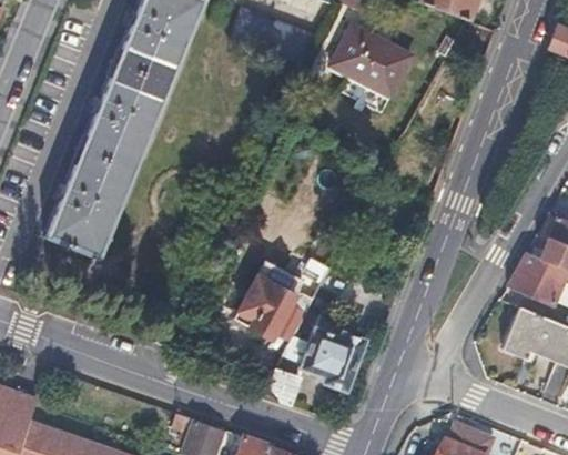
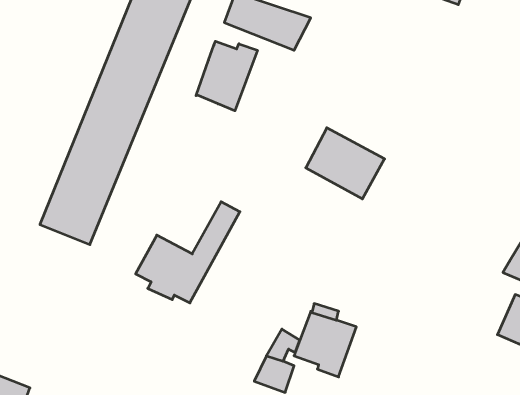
building: [335,24,414,95] -> [306,128,385,199]
building: none -> [196,41,257,111]
building: [235,240,339,341] -> [136,202,240,303]

